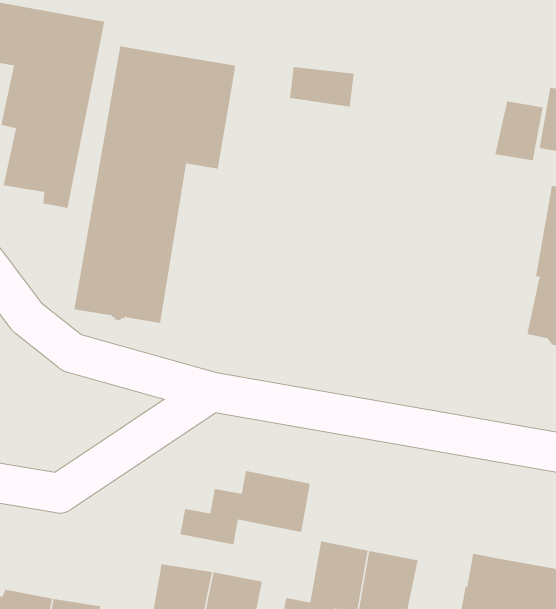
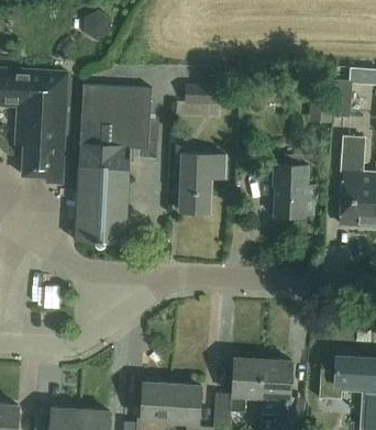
building: none -> [180,154,224,213]
building: none -> [275,158,313,217]
building: [180,470,310,545] -> none

